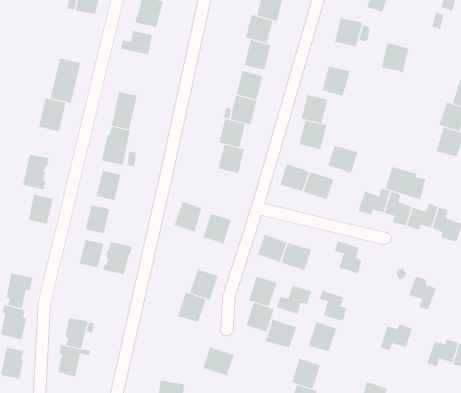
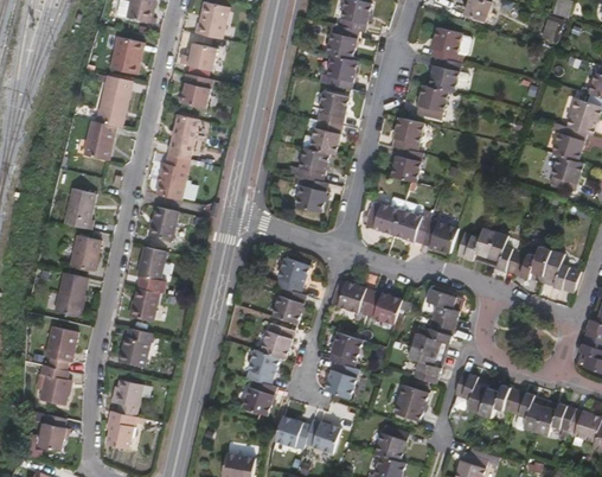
building: none -> [109,37,145,75]
building: [381,43,409,73] -> [428,57,461,93]
building: none -> [182,74,212,108]
building: [327,145,358,174] -> [421,217,457,250]
building: [385,166,426,200] -> none
building: [174,201,202,232] -> [271,286,305,323]
building: none -> [55,271,87,316]
building: [102,241,133,275] -> [119,326,154,365]
building: [408,276,437,310] -> [513,392,546,432]
building: [276,285,312,314] -> [415,320,457,355]
building: none -> [457,373,491,414]
building: none -> [242,379,275,415]
building: [264,319,297,348] -> [306,415,344,450]

